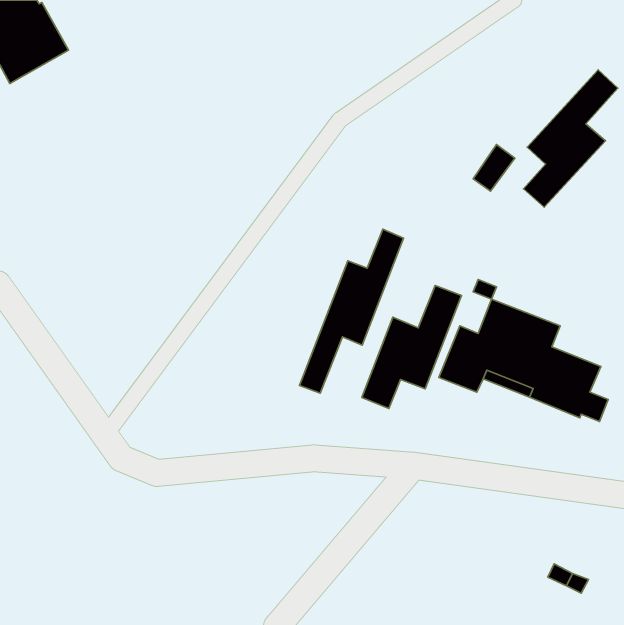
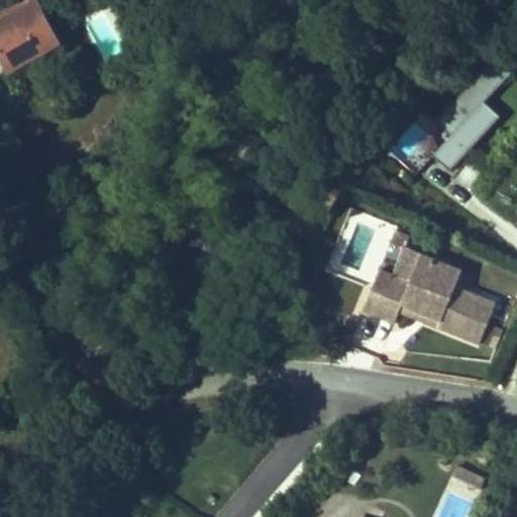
building: [299,229,404,393] -> none
building: [362,286,461,409] -> none

